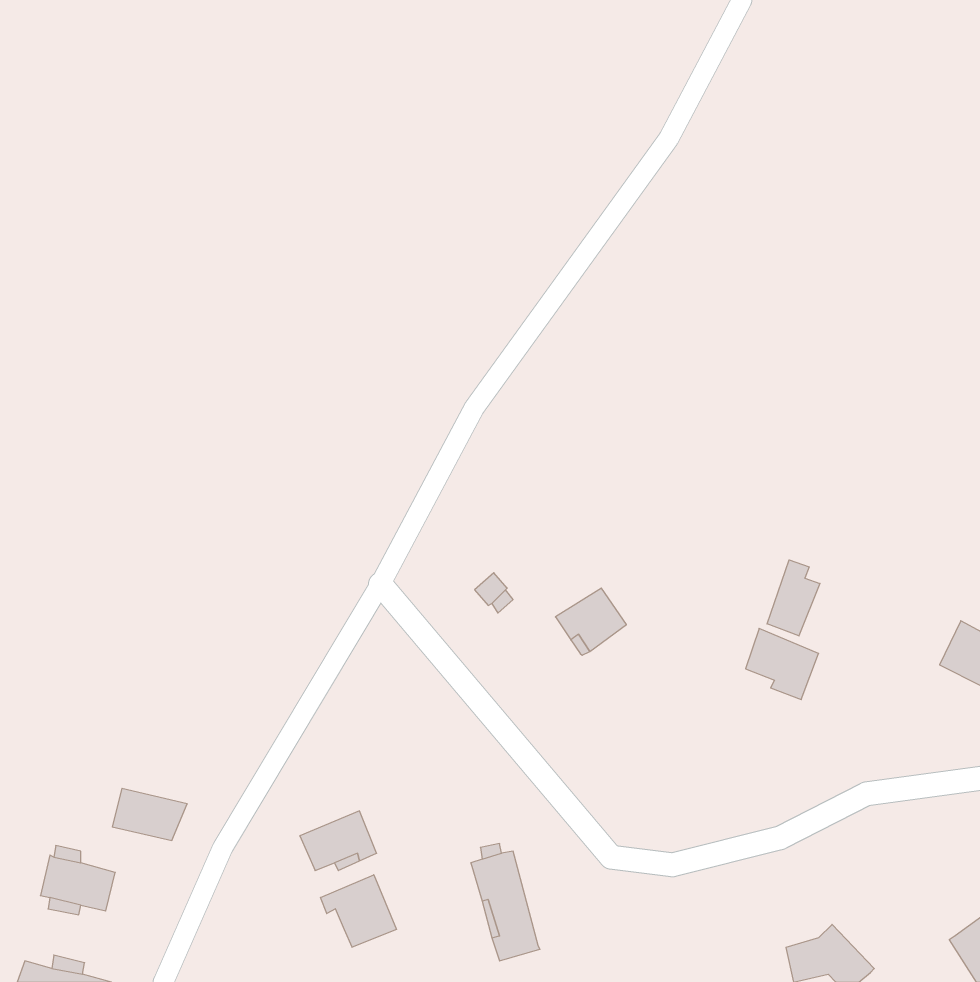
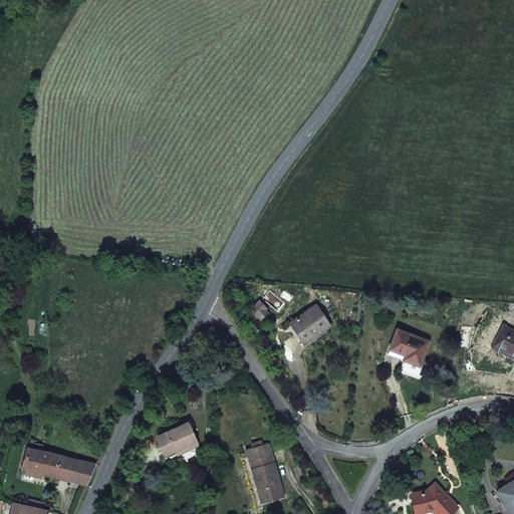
building: [767,560,820,636] -> none
building: [112,788,187,840] -> [56,456,95,483]
building: [321,875,397,947] -> none

